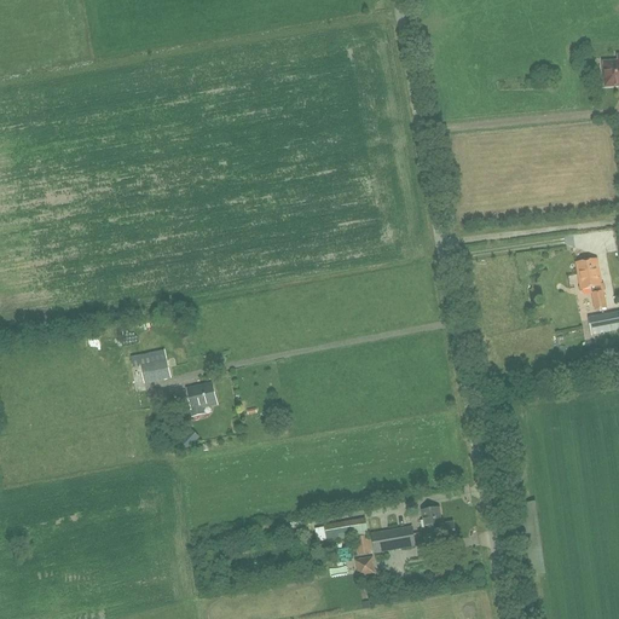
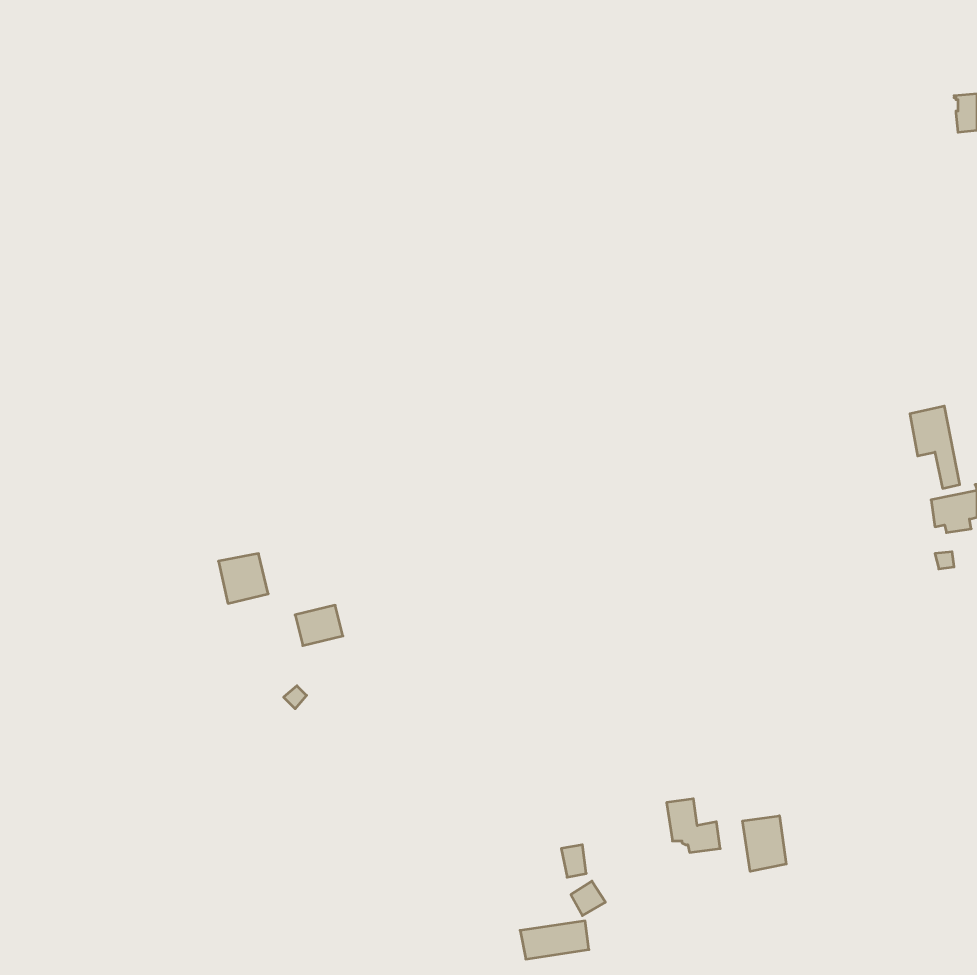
building: none -> [743,816,786,871]
building: [370,526,413,550] -> [520,921,589,959]

